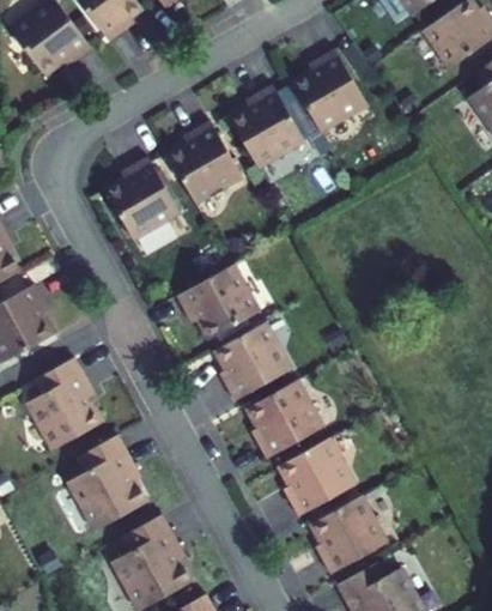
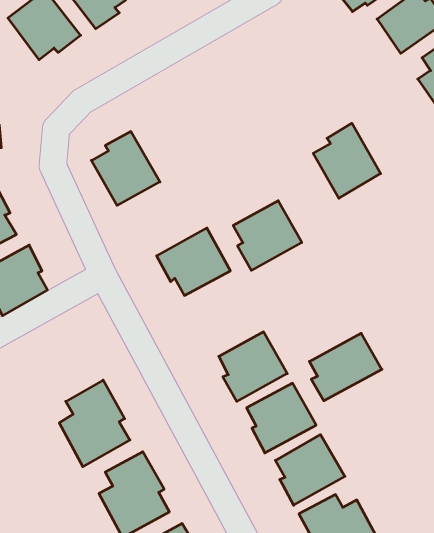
building: [292,48,368,132] -> [313,123,381,198]
building: [230,85,305,167] -> none
building: [166,120,243,204] -> none
building: [214,322,291,400] -> [233,201,302,270]
building: [26,357,103,449] -> none
building: none -> [309,333,382,401]

